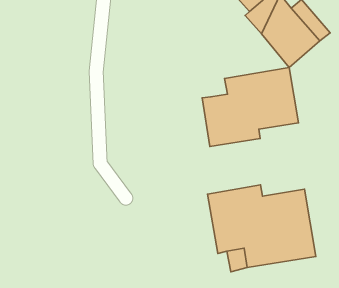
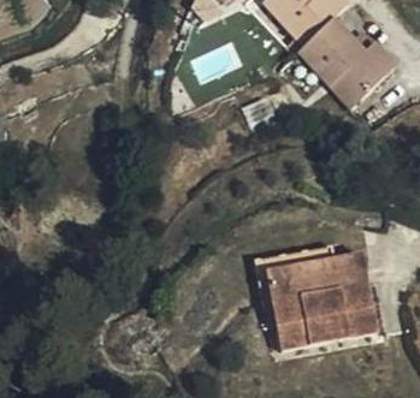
building: [202,68,298,147] -> none

